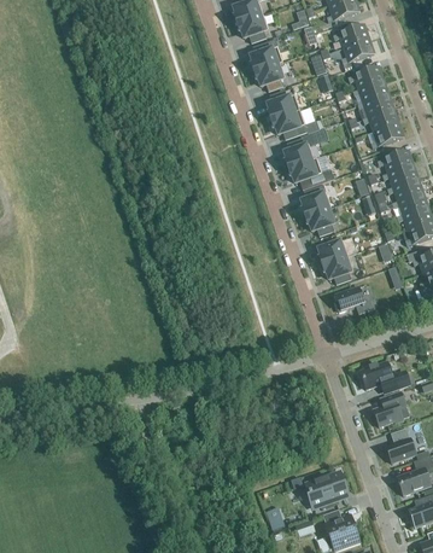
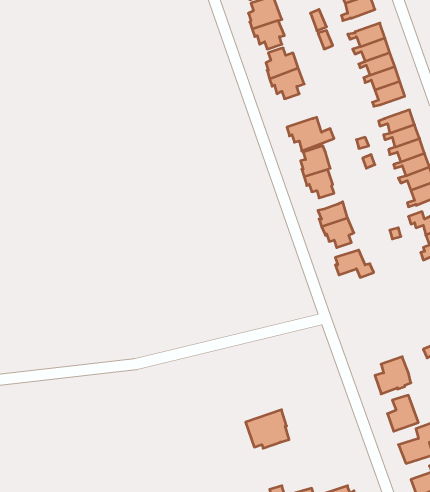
building: [285,138,314,167] -> none
building: [359,360,410,394] -> none
building: [305,470,347,507] -> [246,410,289,448]

